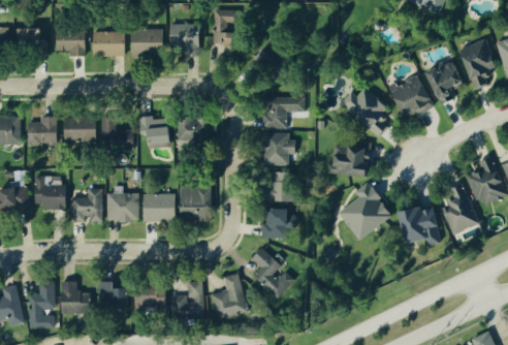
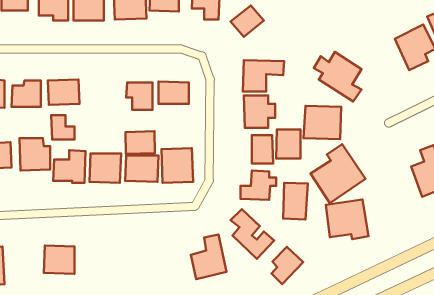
building: [383,76,431,117] -> none
building: [102,118,126,143] -> [51,115,75,140]
building: none -> [276,129,300,158]
building: none -> [125,131,155,154]
building: [392,206,436,246] -> [326,200,368,239]
building: none -> [283,183,308,219]
building: [29,281,55,328] -> none
building: [99,281,131,310] -> none
building: [172,281,204,317] -> none
building: [140,286,168,311] -> none
building: none -> [272,247,303,284]

